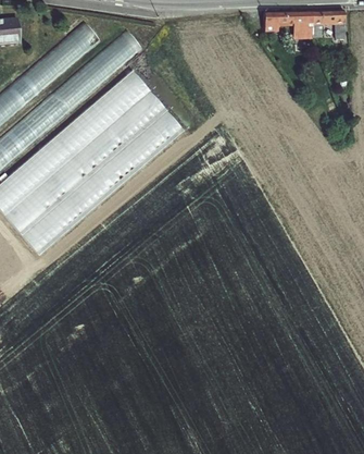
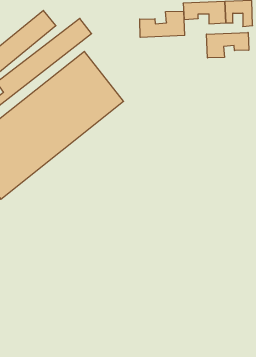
building: none -> [140,11,185,37]
building: none -> [207,32,249,58]

